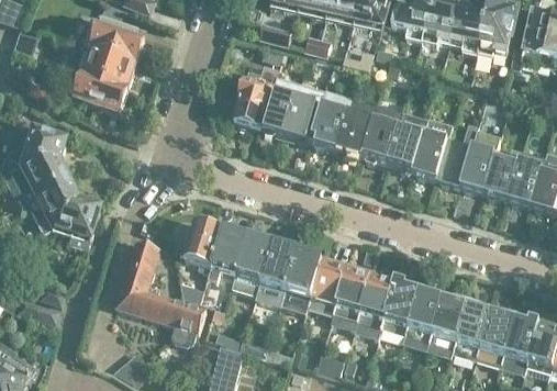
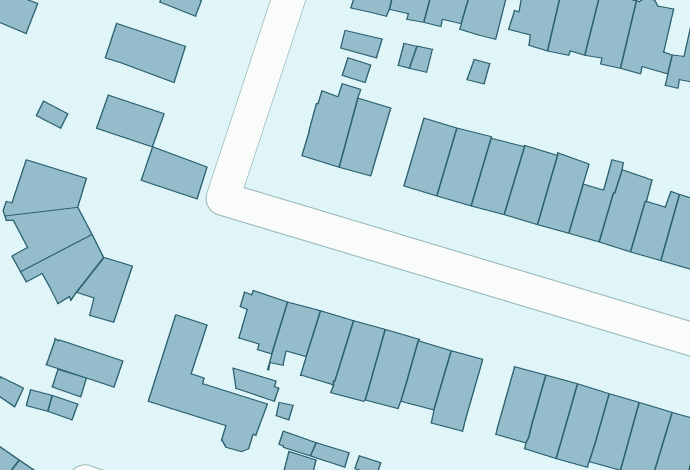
building: [83,48,134,88] -> [141,147,207,199]
building: [285,83,325,143] -> none
building: none -> [46,338,123,387]
building: [357,276,394,328] -> none

